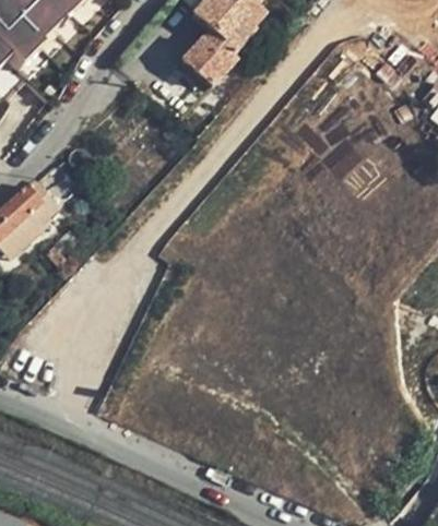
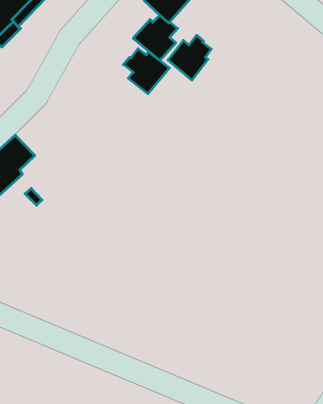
building: none -> [168,35,211,80]
building: none -> [123,49,169,94]

